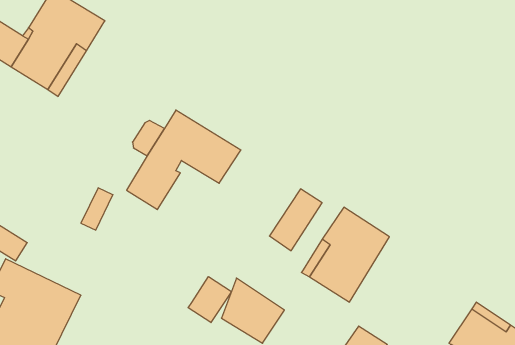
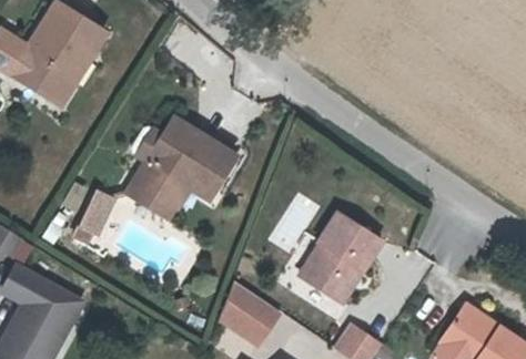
building: none -> [158,166,218,220]
building: [188,277,231,323] -> none

